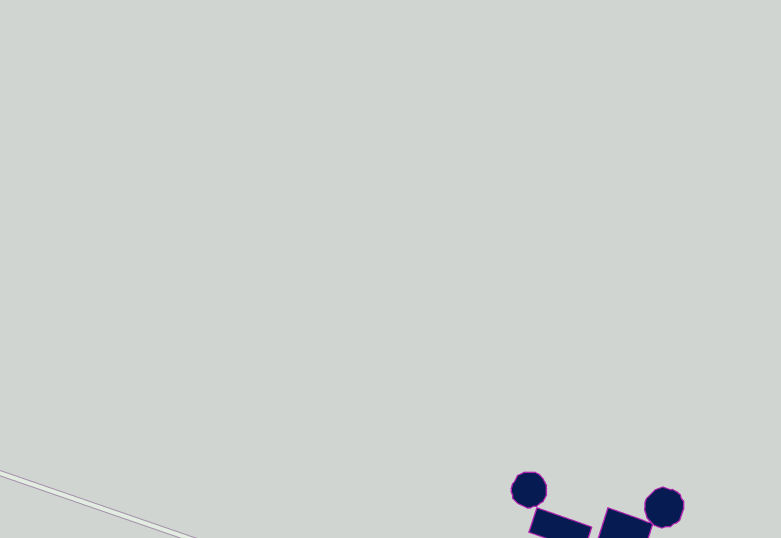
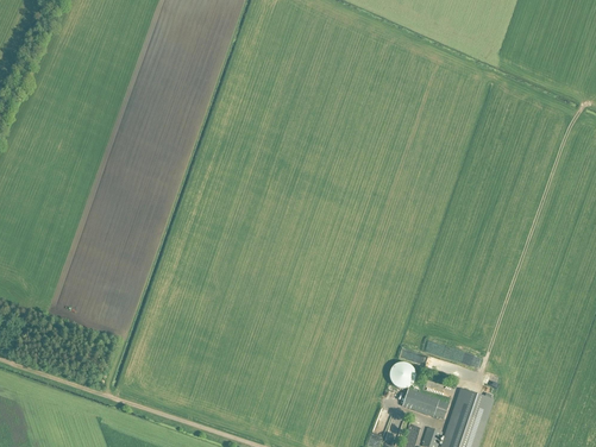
building: [645,487,684,528] -> none

